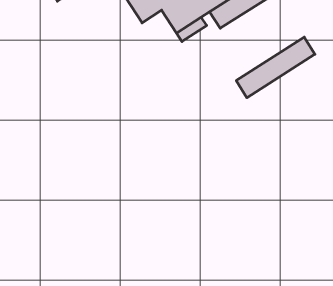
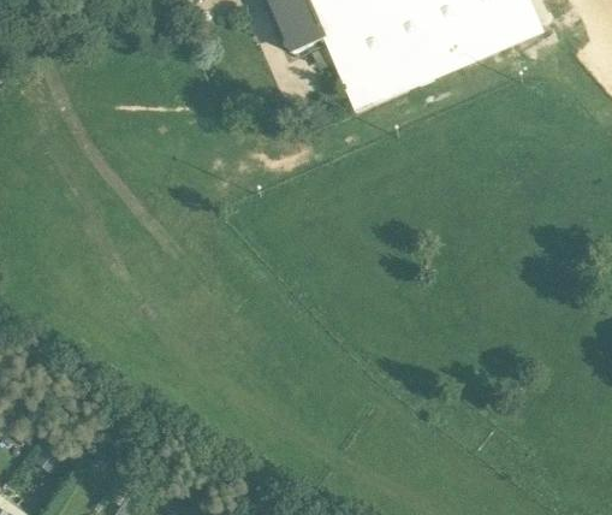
building: [236,37,315,98] -> none

